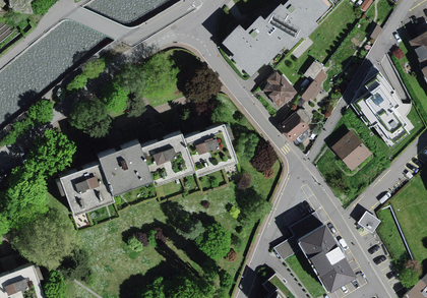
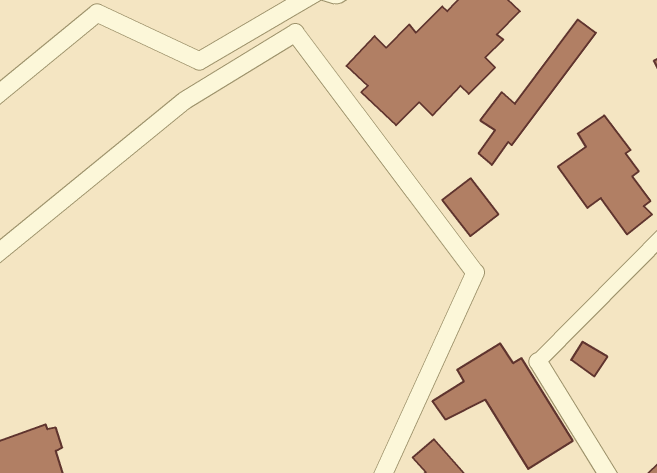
building: [262,71,297,108] -> none
building: [59,122,238,212] -> none
building: [331,131,370,170] -> none

